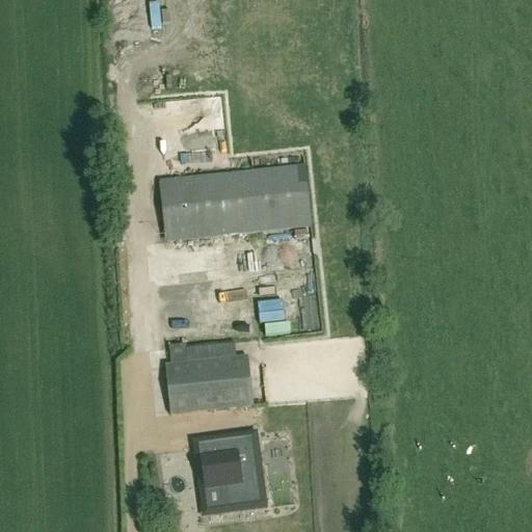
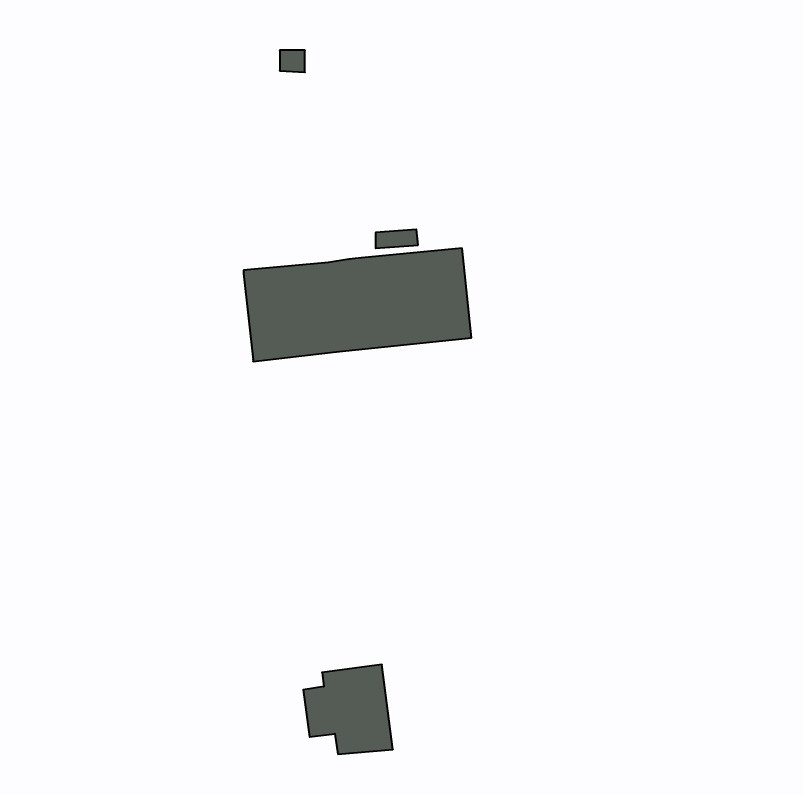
building: [164,341,252,413] -> none

